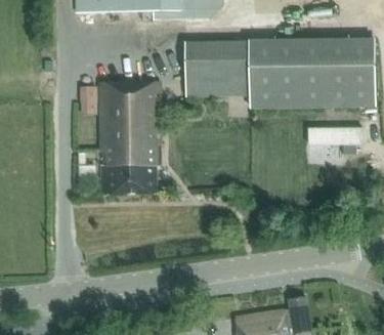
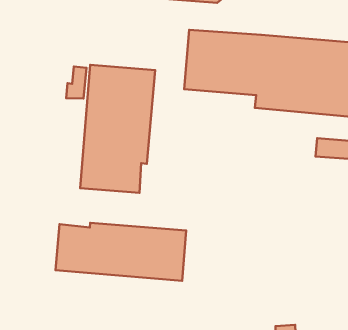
building: none -> [55,223,186,281]

